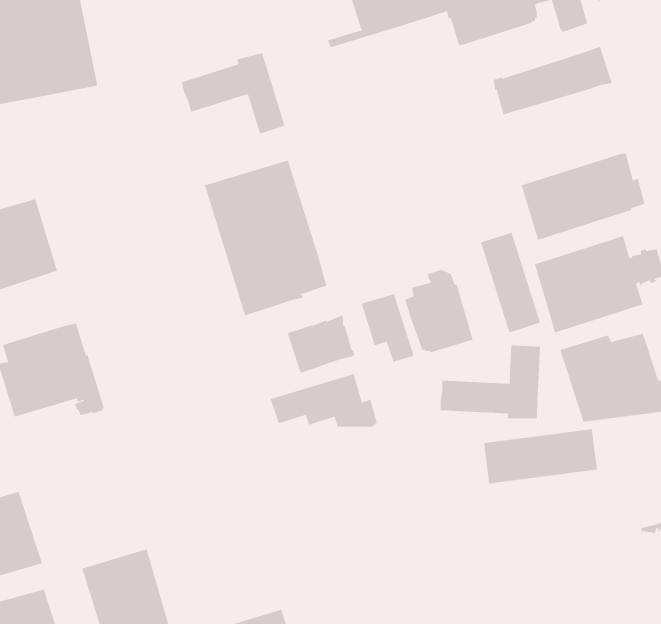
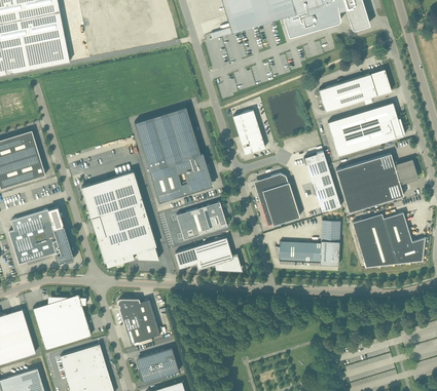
building: [493,46,612,115] -> [319,69,392,111]
building: [181,52,285,134] -> none
building: none -> [81,170,159,267]
building: [361,294,415,363] -> [232,110,265,152]
building: [483,429,598,484] -> none
building: none -> [33,297,92,349]
building: none -> [118,299,160,343]
building: none -> [138,347,179,382]

